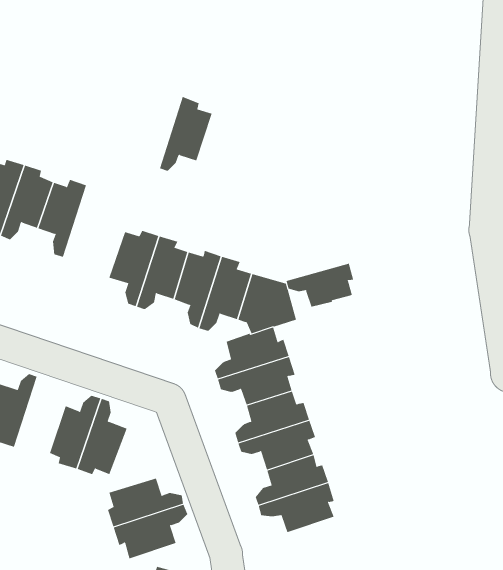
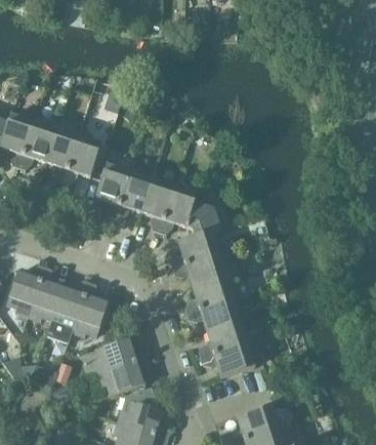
building: [159,96,213,171] -> [64,131,101,185]
building: [286,263,354,307] -> none
building: none -> [29,267,65,321]

